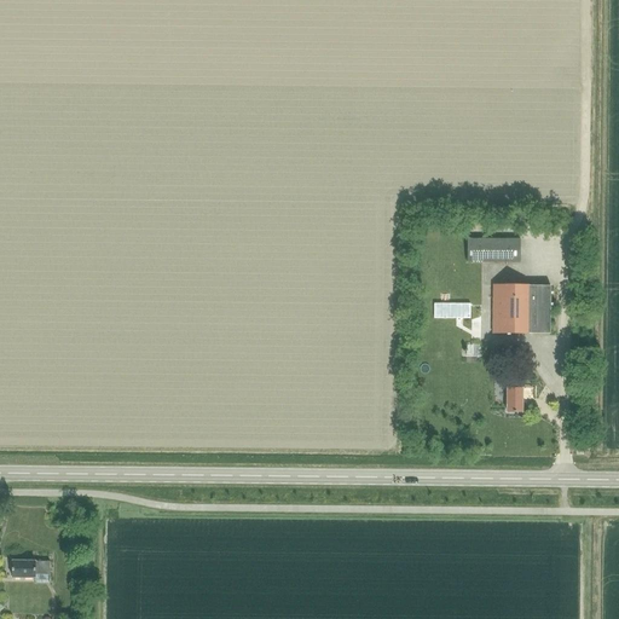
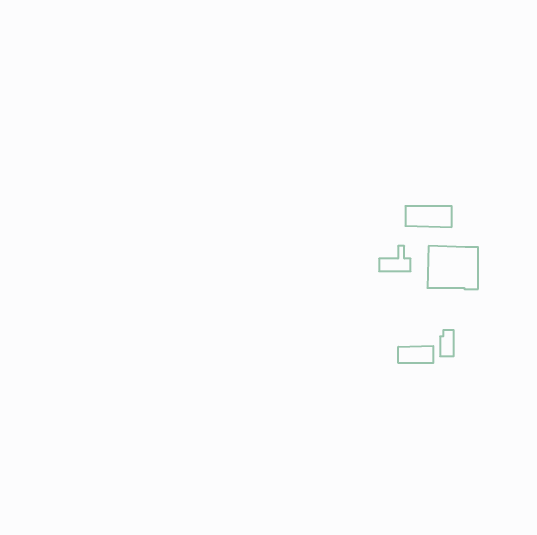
building: none -> [398,346,433,363]
building: [11,559,50,575] -> none

